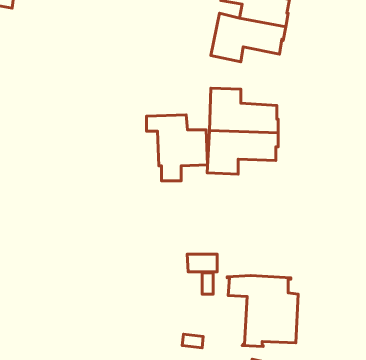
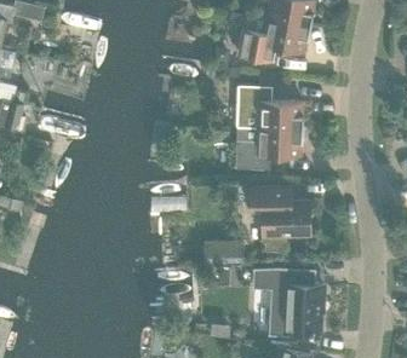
building: [146,115,208,181] -> [251,186,310,250]

